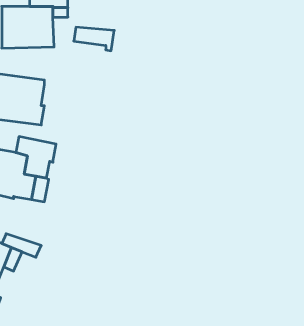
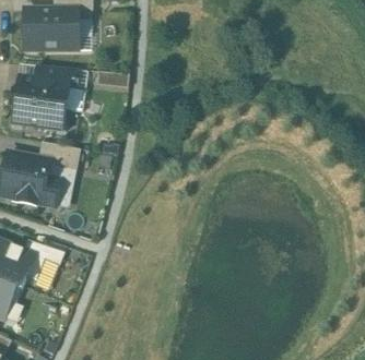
building: [74,27,114,51] -> [34,64,75,88]

